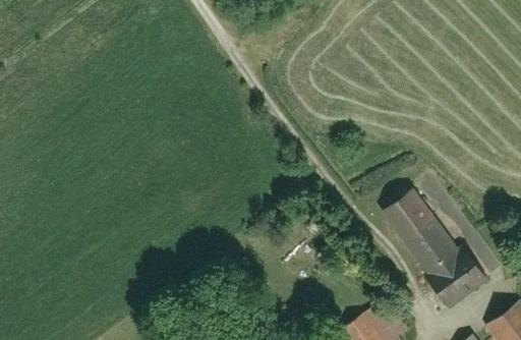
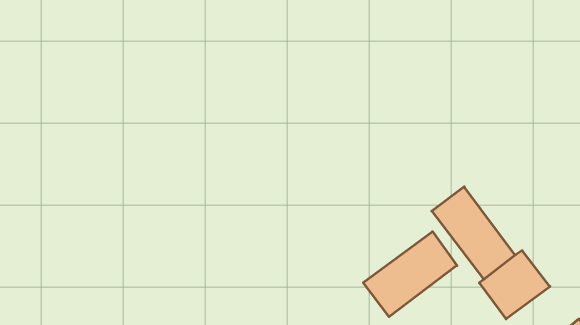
building: none -> [363,232,457,317]

